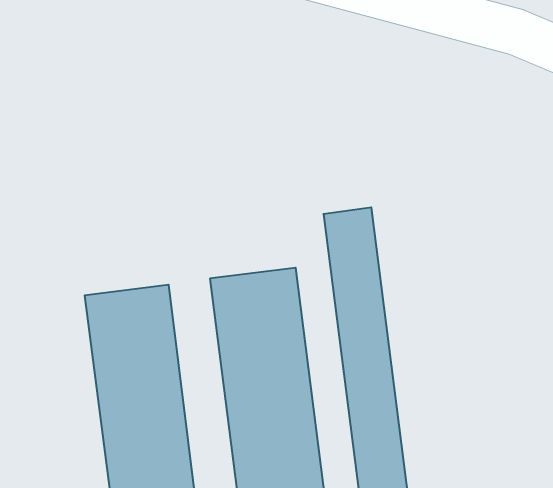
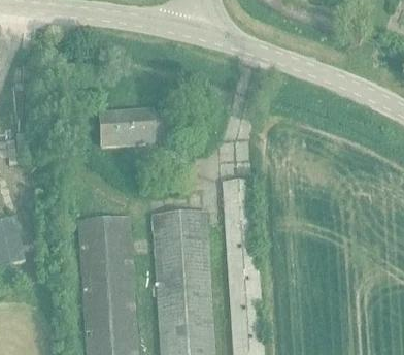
building: none -> [98,107,173,142]

